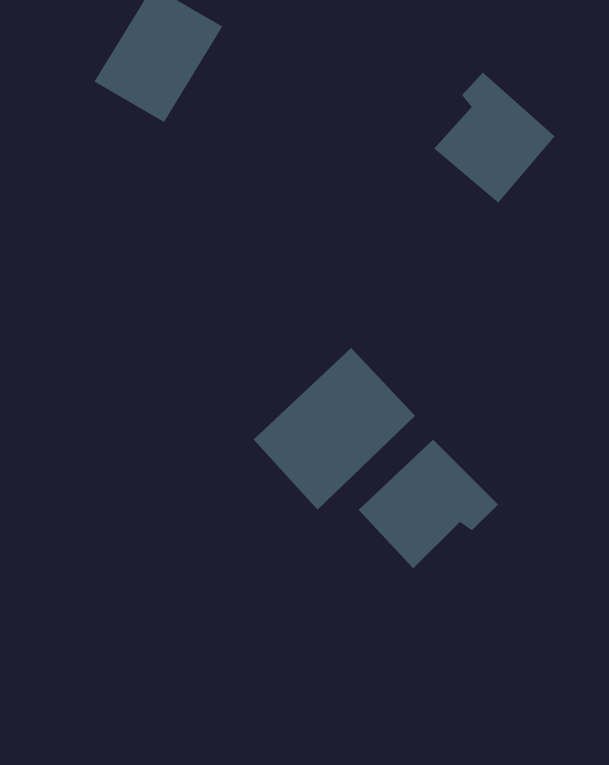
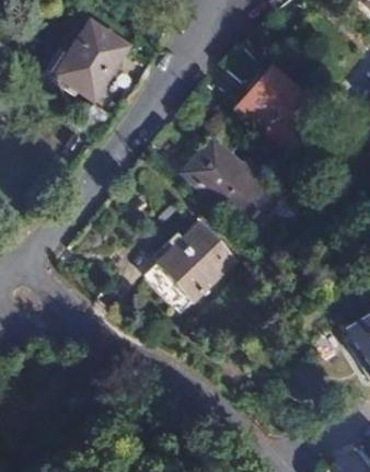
building: none -> [185,139,275,212]
building: [358,439,499,569] -> none

